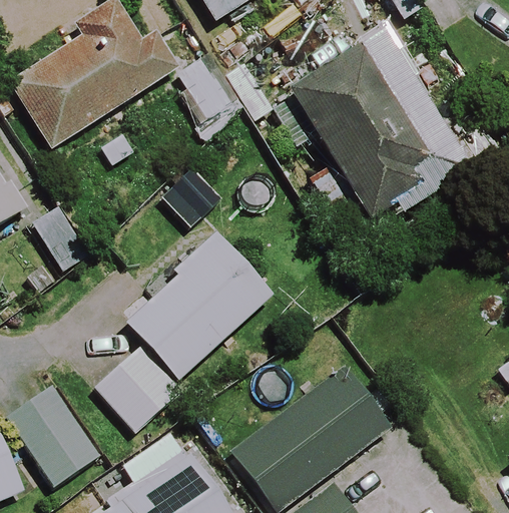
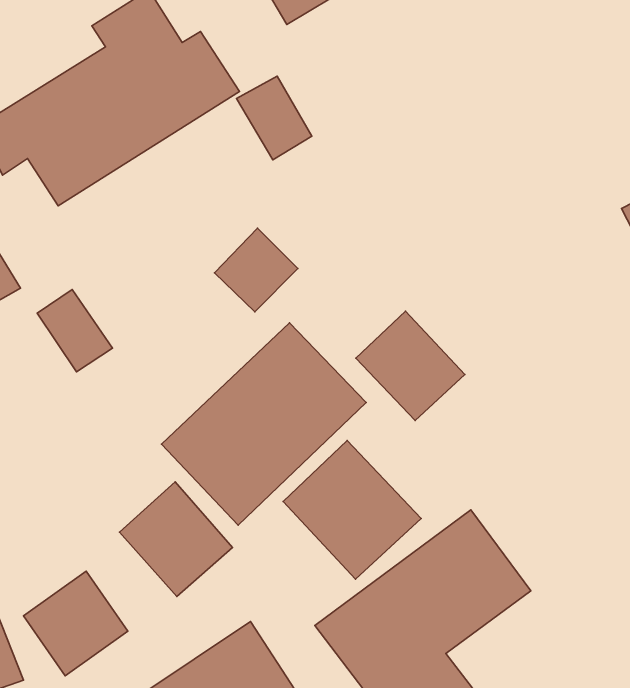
building: [290,45,444,217] -> none
building: none -> [356,311,465,421]
building: none -> [283,441,421,579]

